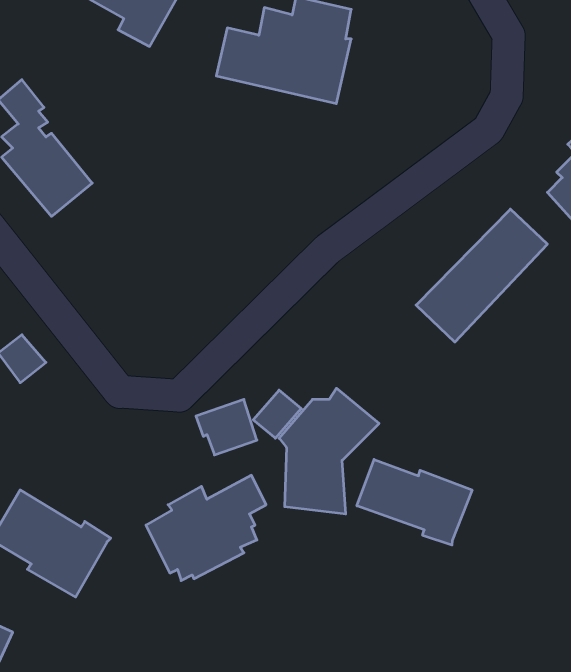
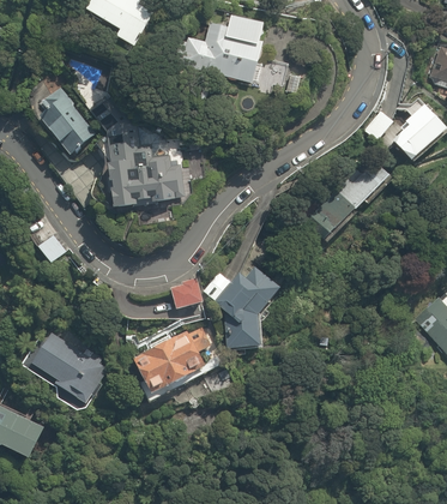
building: none -> [90,94,185,208]
building: [357,459,472,545] -> none

